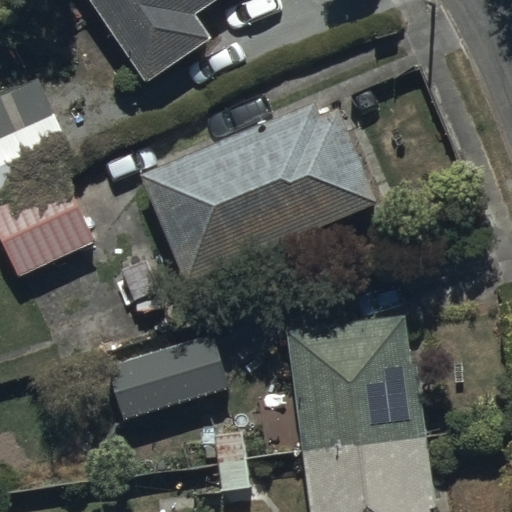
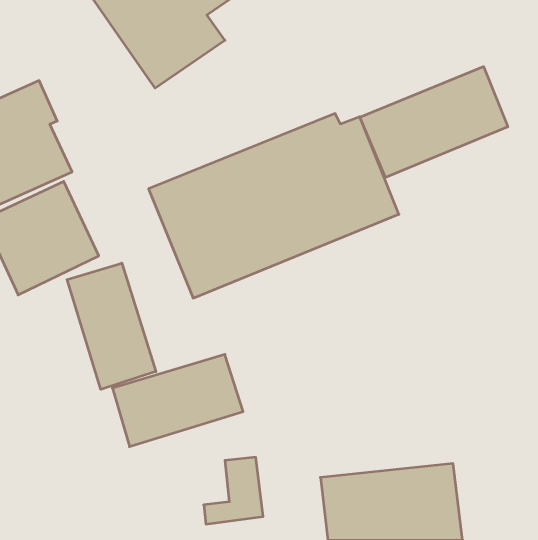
building: none -> [360,67,508,177]
building: none -> [67,263,156,389]
building: [287,315,427,450] -> none

